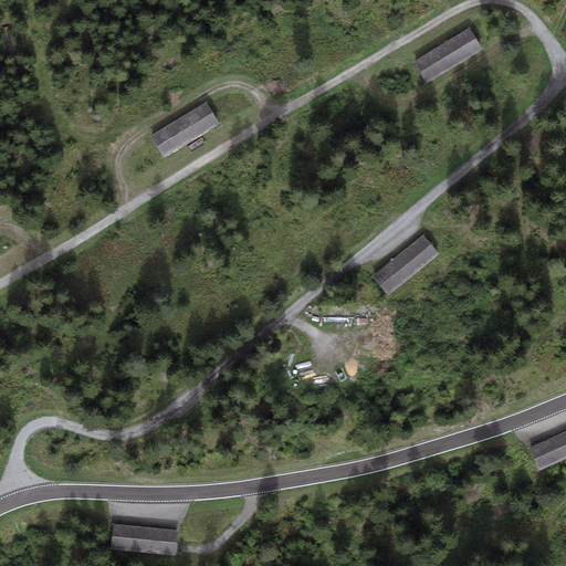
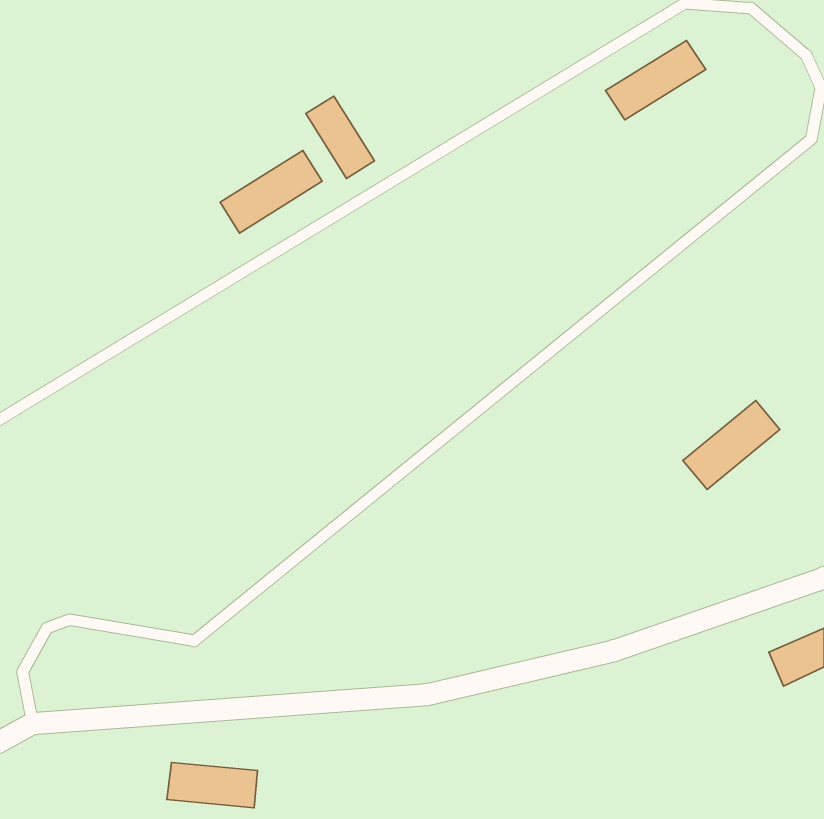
building: none -> [306,96,375,178]
building: [374,233,440,294] -> [683,401,780,490]

